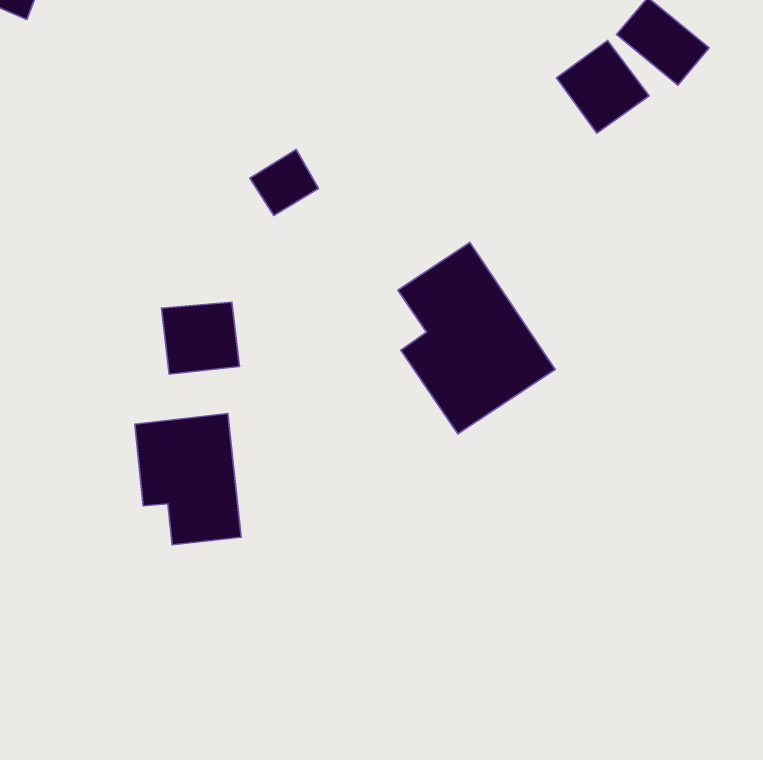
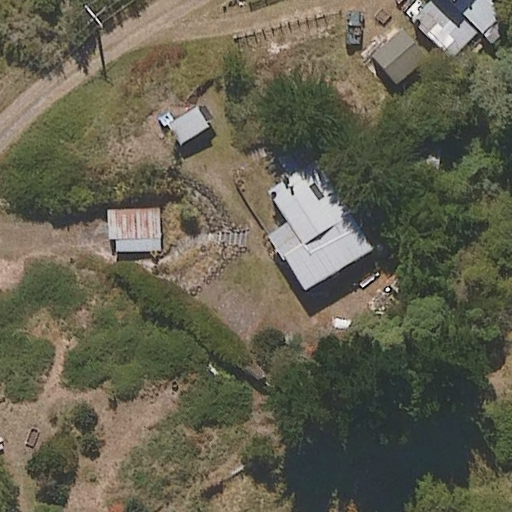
building: [135,413,241,545] -> none

